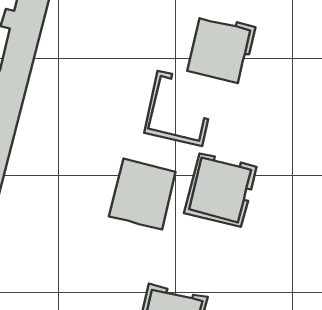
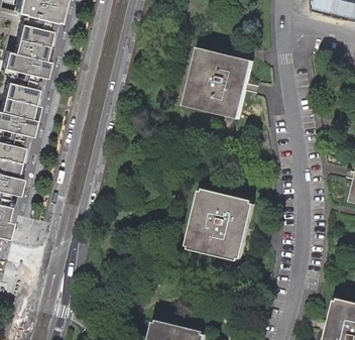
building: [144,71,208,146] -> [182,46,244,120]
building: [109,158,175,229] -> none

